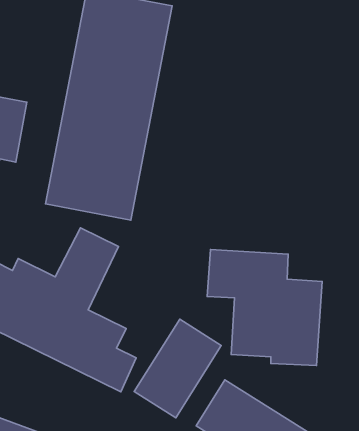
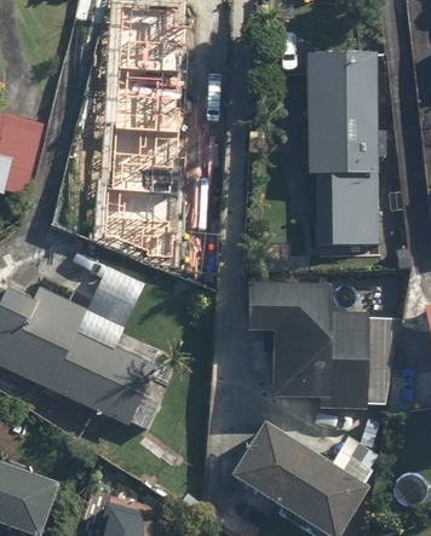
building: none -> [305,51,380,247]
building: [134,319,221,418] -> none

